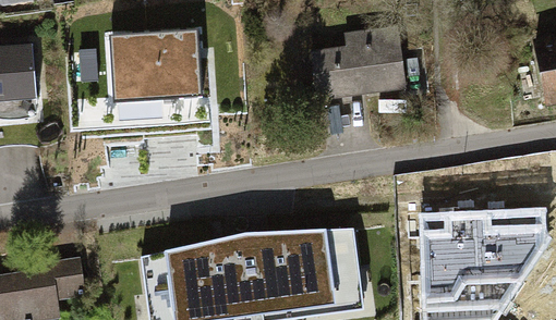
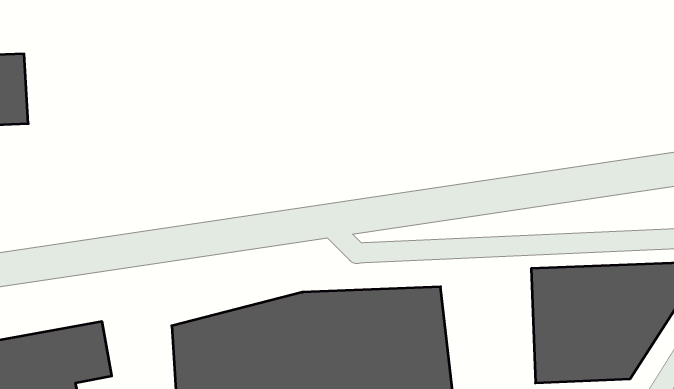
building: [313,17,413,101] -> none
building: [104,26,198,100] -> none

